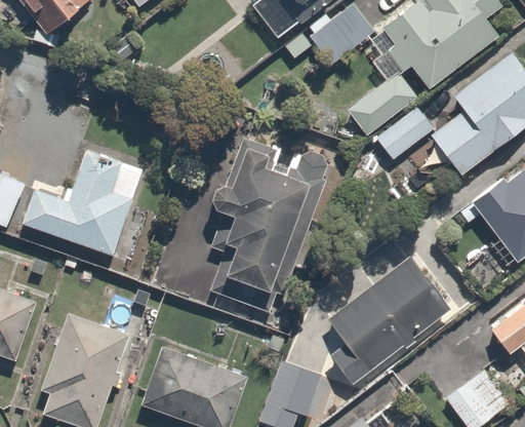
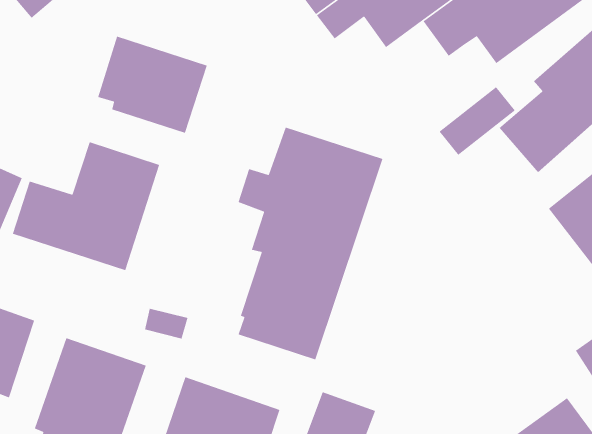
building: none -> [97,36,208,134]
building: [346,70,419,137] -> none
building: [324,257,452,384] -> none

